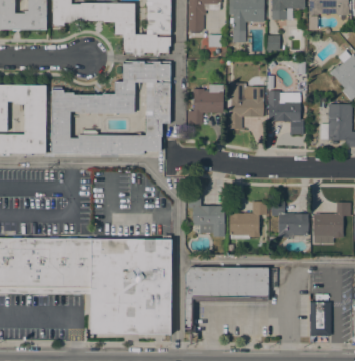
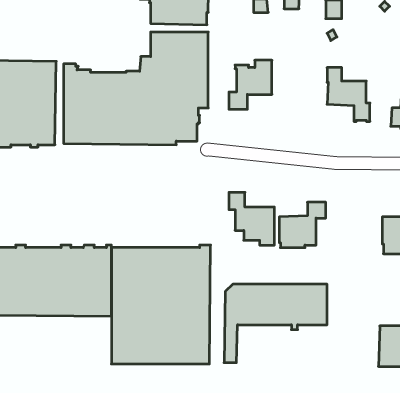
building: [228,82,264,128] -> none
building: [271,200,308,237] -> none

